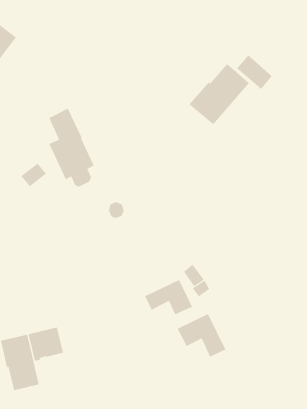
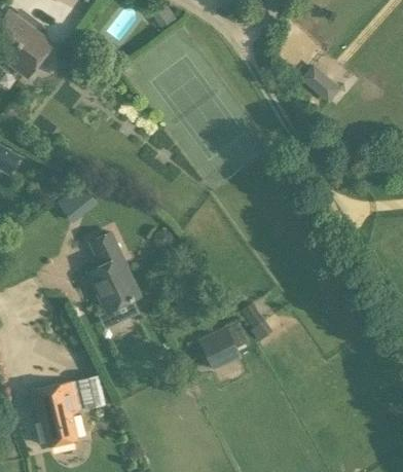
building: [189,63,250,125] -> none
building: [48,108,94,187] -> [88,230,141,321]
building: [177,313,226,358] -> none

